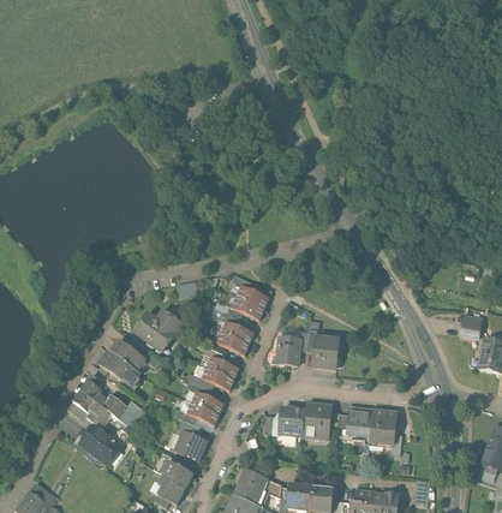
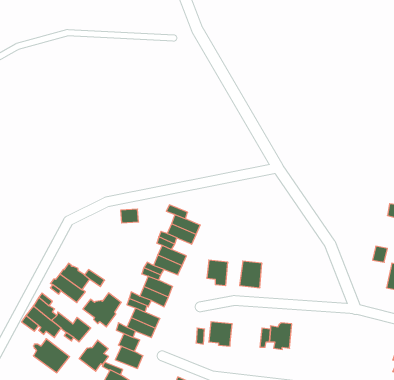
building: [136,311,179,350] -> [83,293,121,327]
building: [303,402,331,437] -> none
building: [369,408,396,443] -> none
building: none -> [79,340,108,371]

